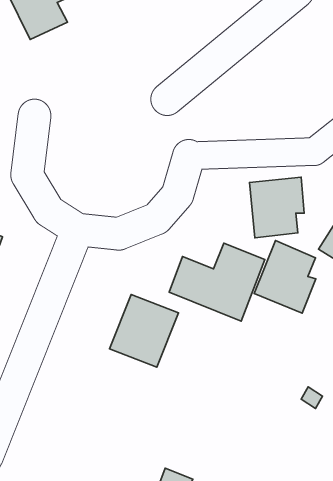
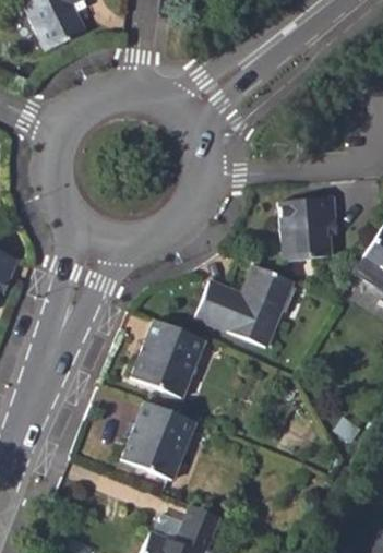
building: [254,241,316,313] -> none
building: none -> [123,400,196,480]

